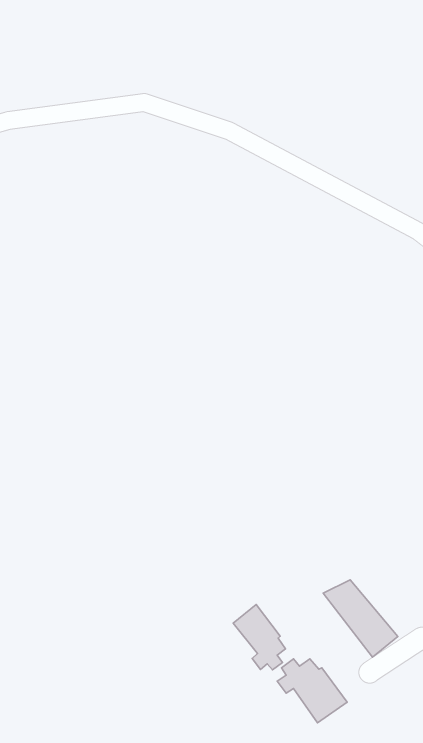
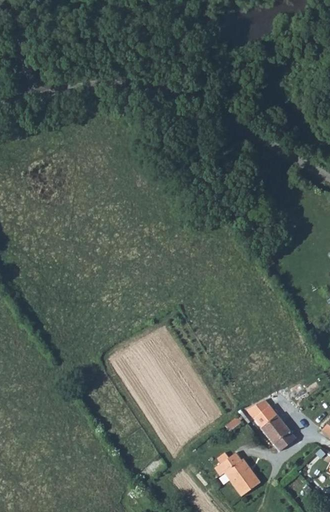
building: [233,604,285,670] -> none

